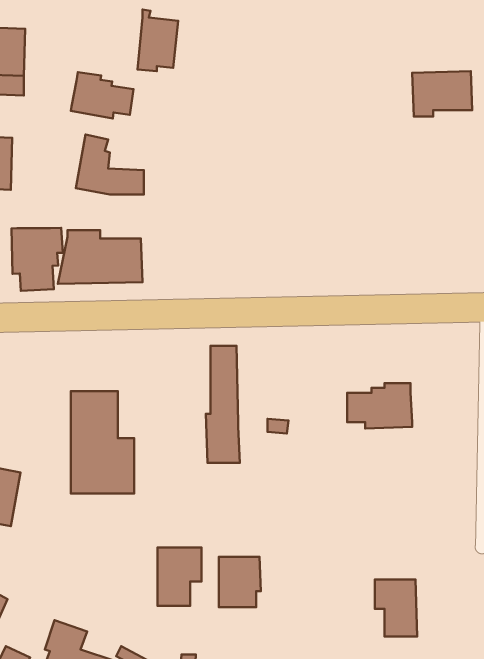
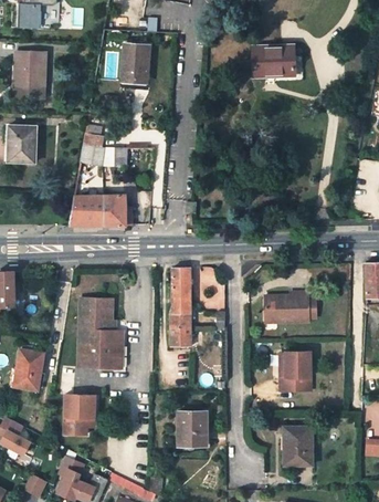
building: [412,71,472,117] -> [253,45,294,76]
building: [71,72,133,118] -> none
building: [12,228,63,291] -> none
building: none -> [278,352,308,390]
building: [158,547,201,606] -> [64,396,94,436]

